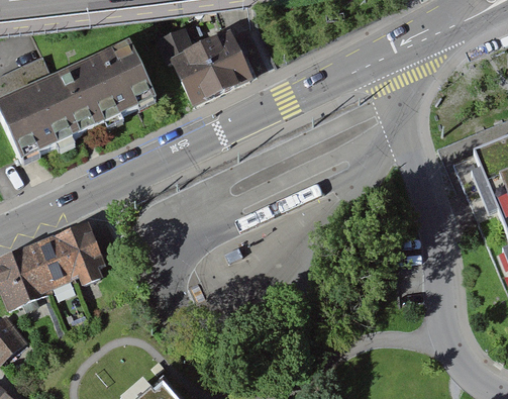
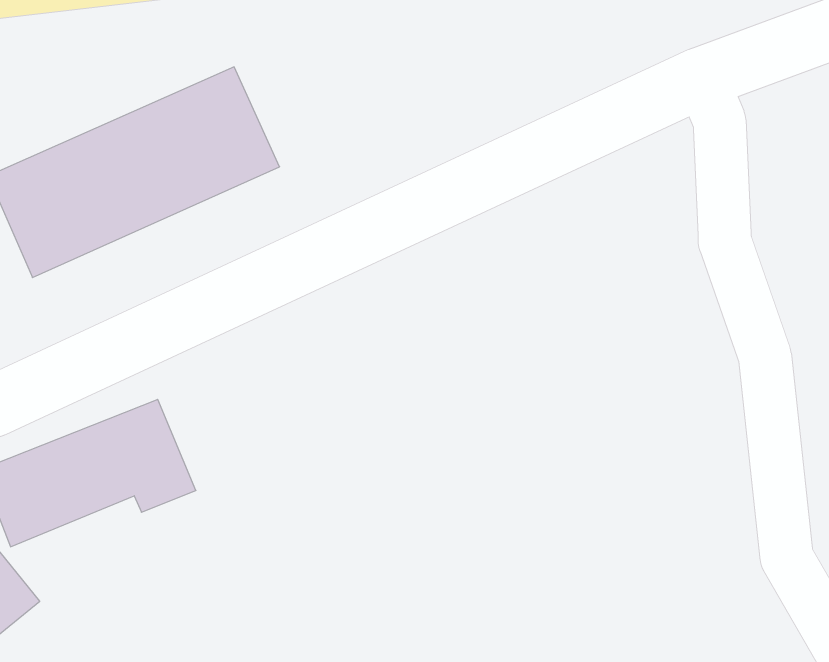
building: [162,24,251,102] -> none

